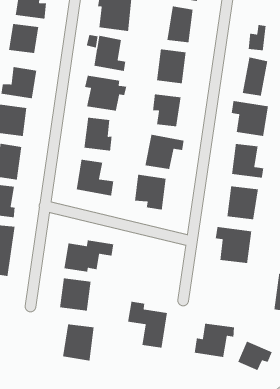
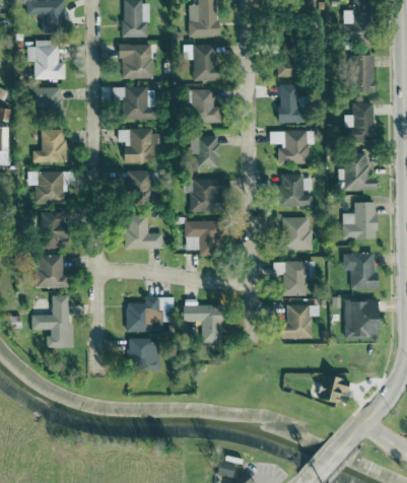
building: [127,301,168,349] -> [183,298,222,342]
building: [194,323,235,358] -> [281,304,320,338]
building: [62,324,94,361] -> none

